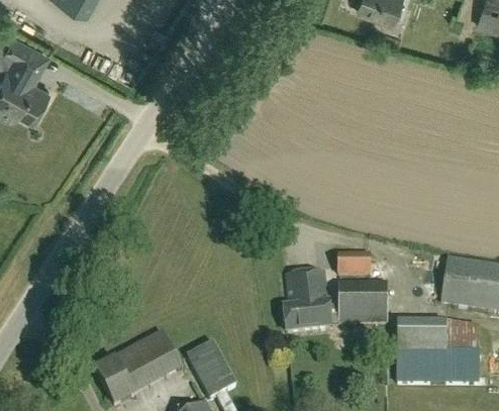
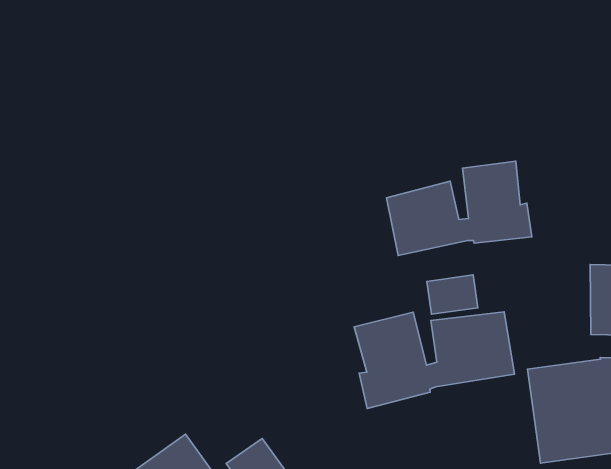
building: none -> [386,161,532,255]

